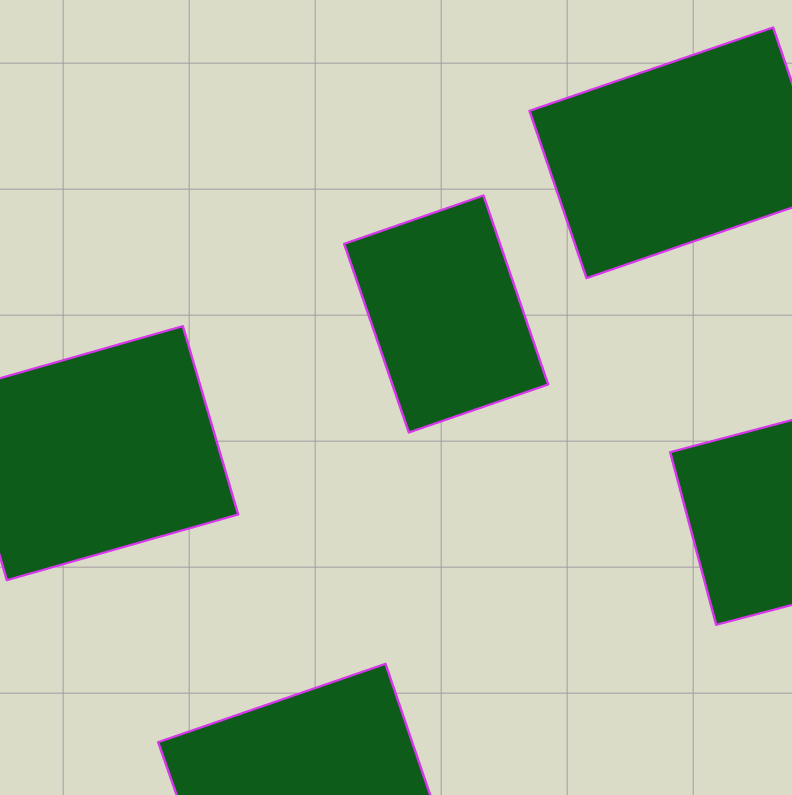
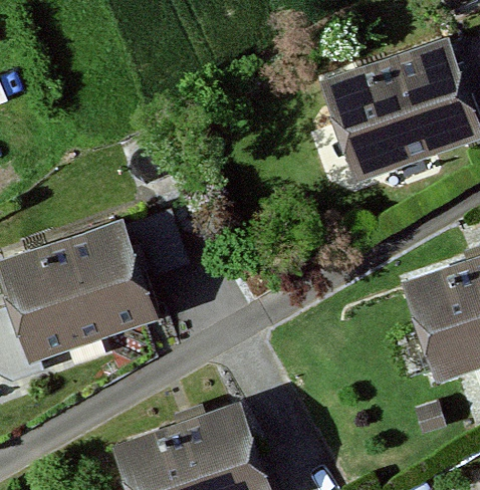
building: [344,196,548,433] -> none

